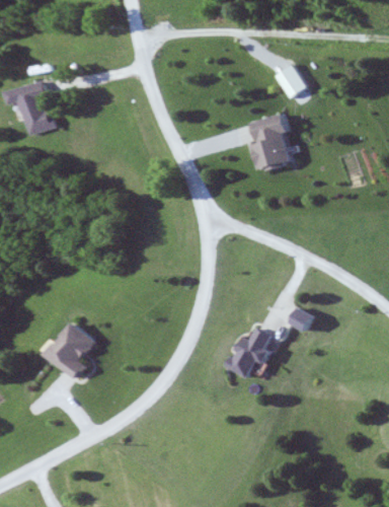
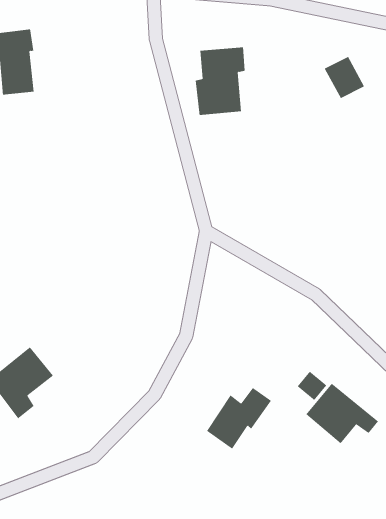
building: [251,114,291,171] -> [195,47,246,116]
building: none -> [306,383,379,444]

